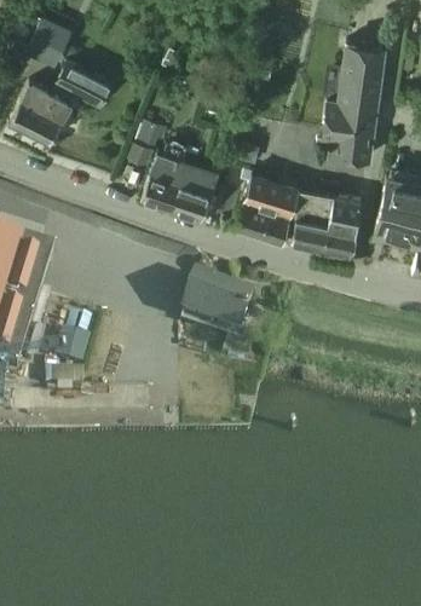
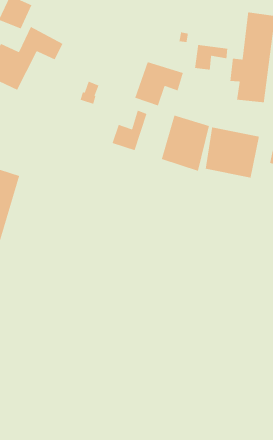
building: none -> [194,44,228,70]
building: [142,151,206,209] -> [134,61,184,107]
building: [185,277,255,334] -> none

